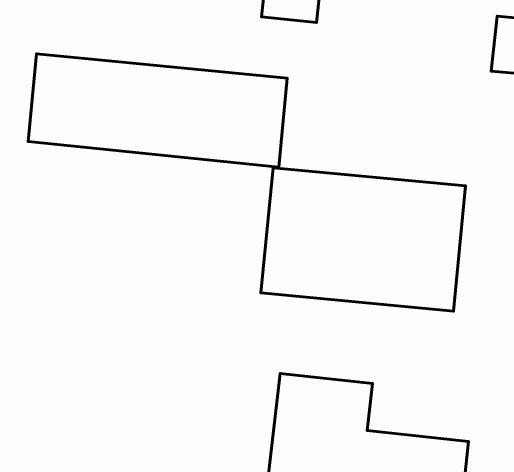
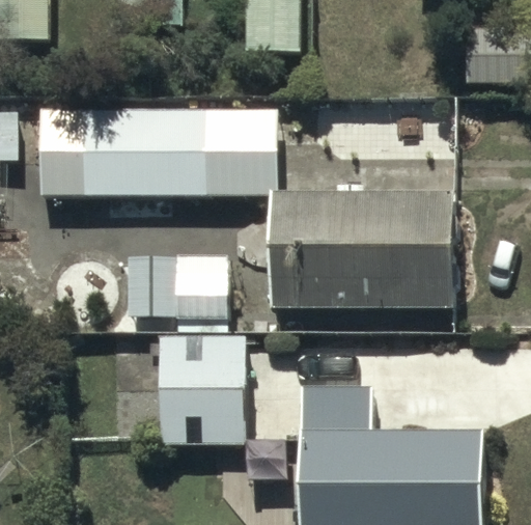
building: none -> [127,253,226,331]
building: none -> [158,336,245,444]

